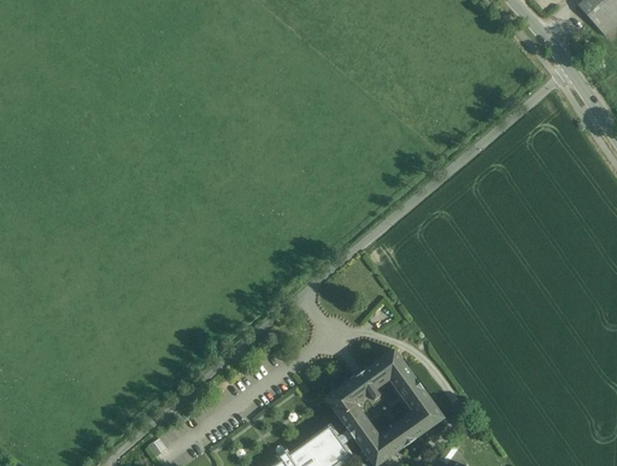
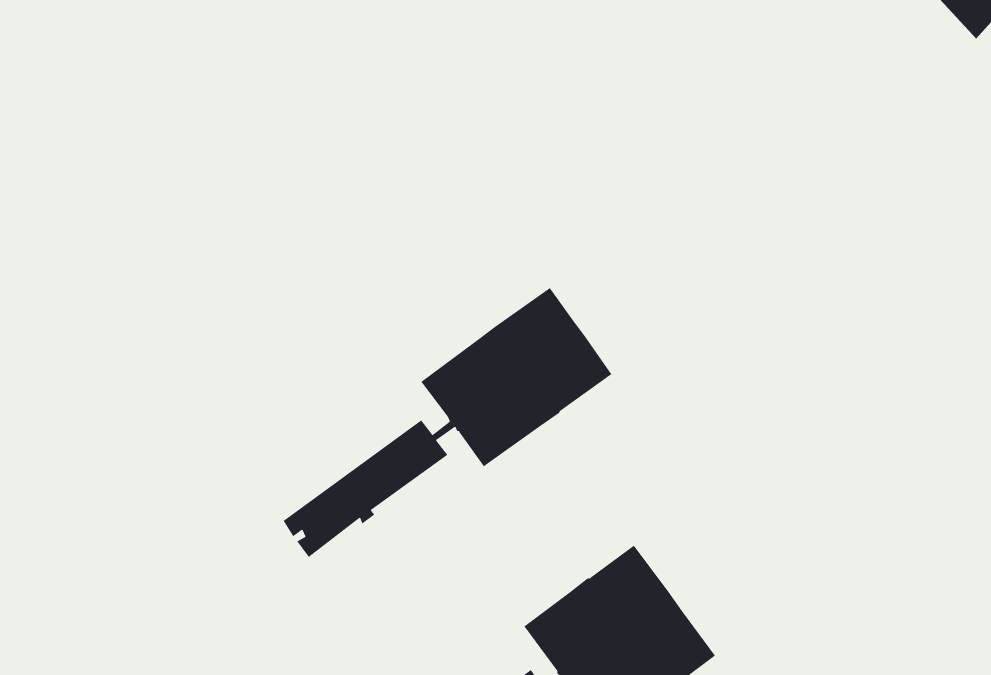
building: none -> [283,287,612,558]

